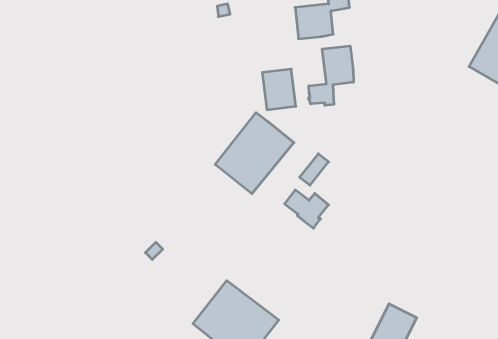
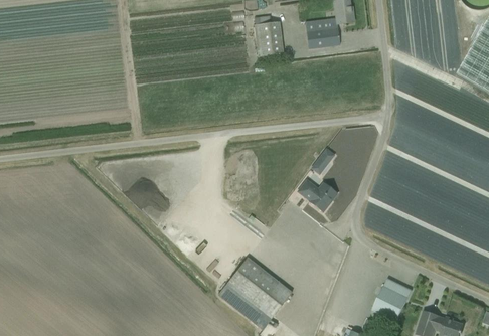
building: [309,46,353,105] -> none
building: [262,69,296,110] -> [255,21,284,56]
building: [215,113,294,194] -> none

